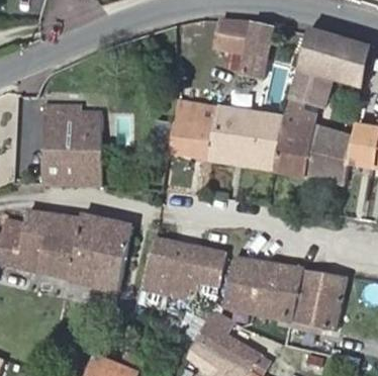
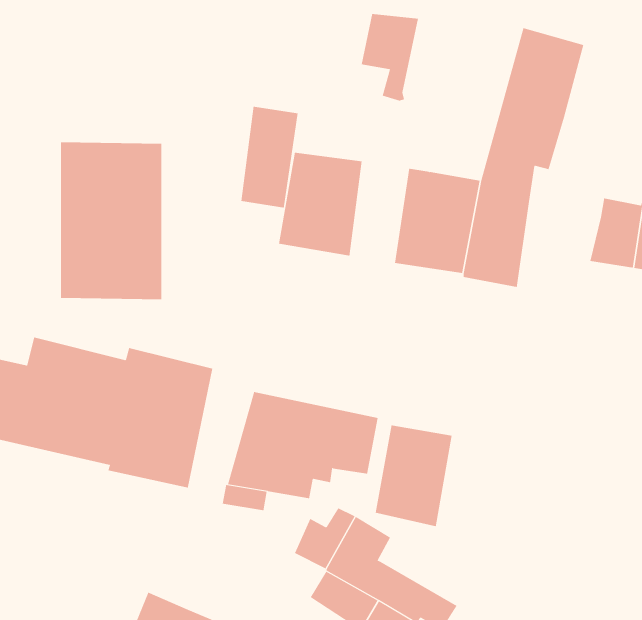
building: [238,23,272,78] -> none
building: [333,38,371,88] -> none
building: [209,105,243,164] -> [240,106,298,208]
building: [305,128,353,184] -> none
building: [259,263,345,331] -> none

